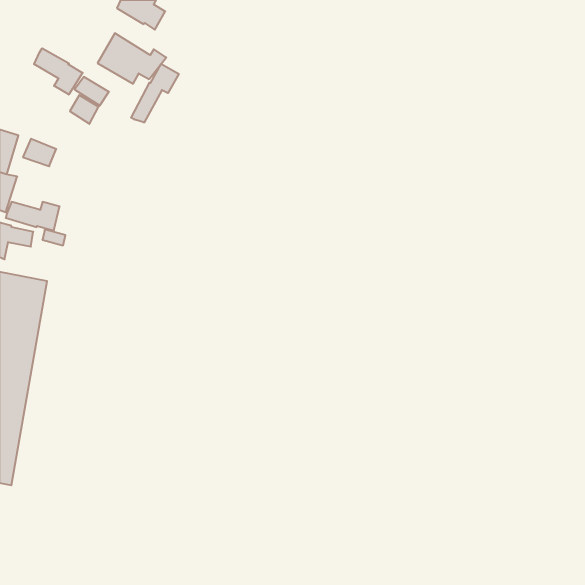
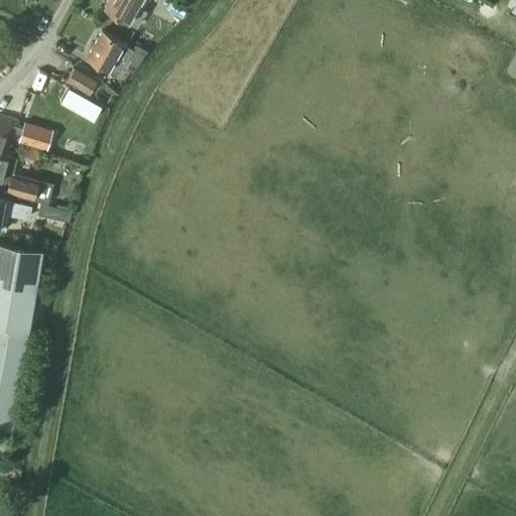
building: [34,48,83,95] -> none
building: [131,64,179,123] -> none

